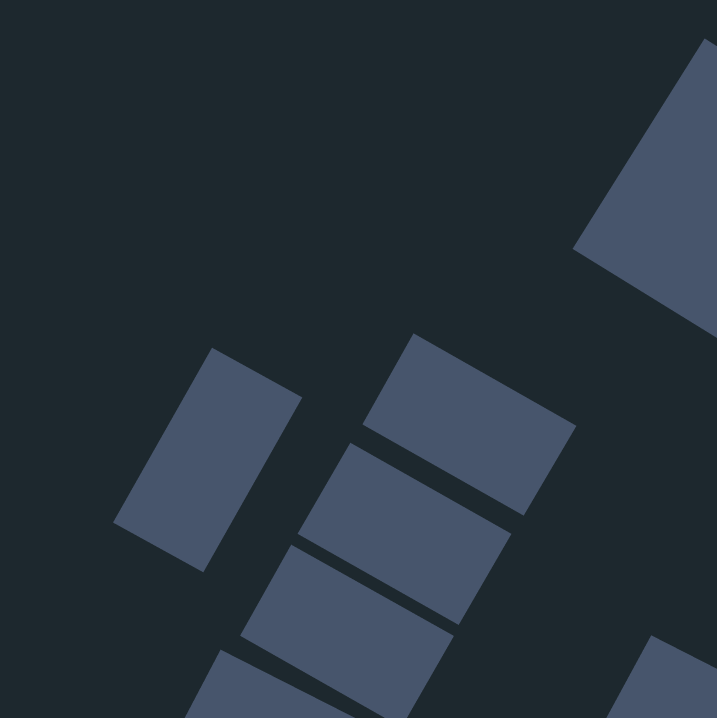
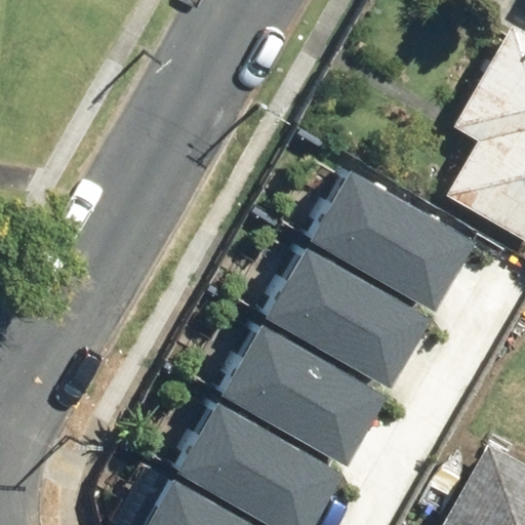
building: none -> [313,171,467,304]
building: [112,347,303,573] -> none

